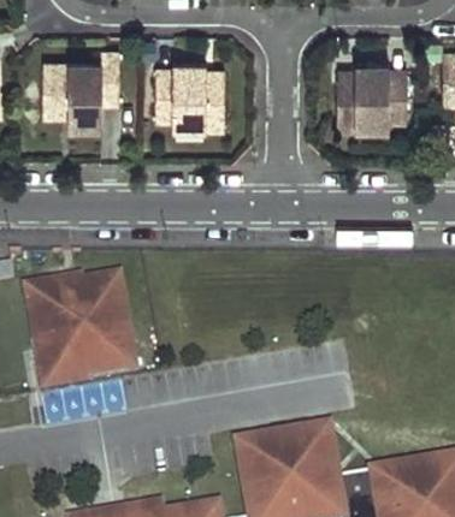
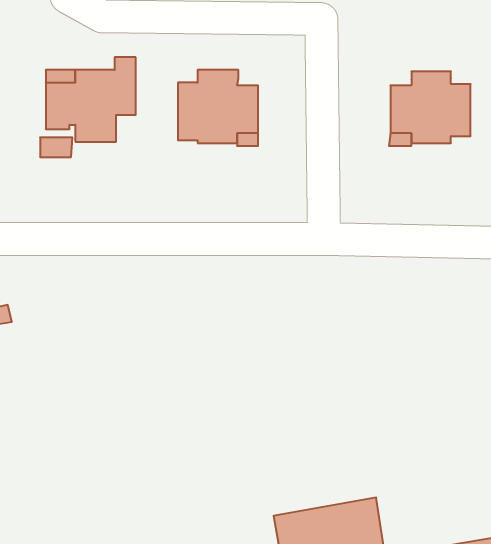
building: [28,275,132,379] -> none

